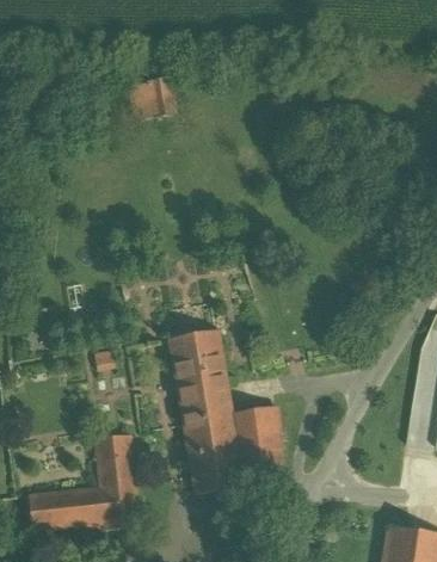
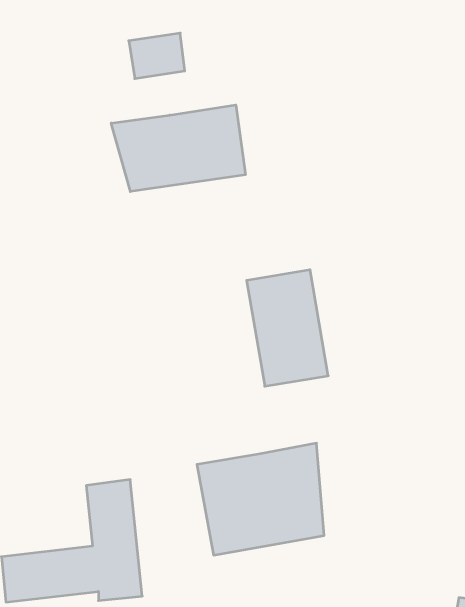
building: none -> [111,105,245,192]
building: [167,329,232,421] -> [247,270,328,386]

